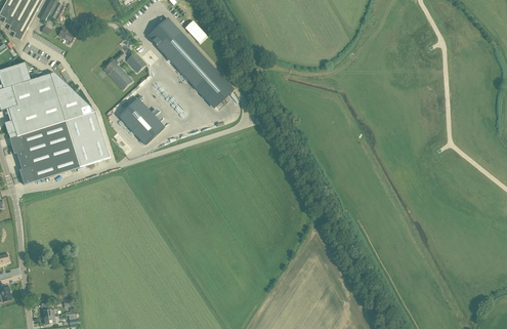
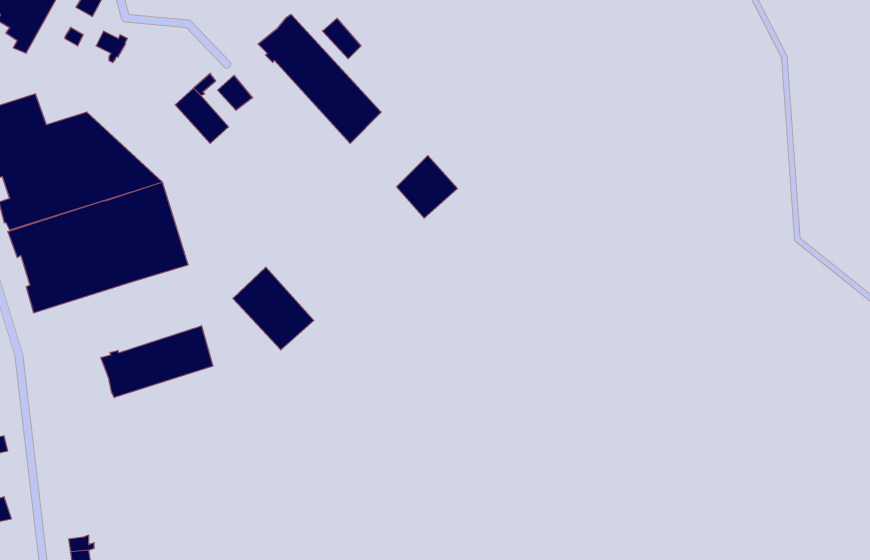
building: [199,72,233,107] -> [397,156,457,218]
building: [118,97,163,143] -> [233,267,314,350]
building: none -> [101,326,213,398]

